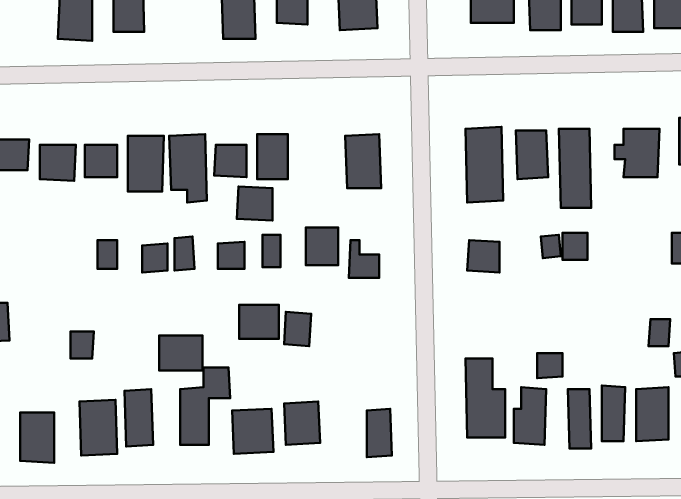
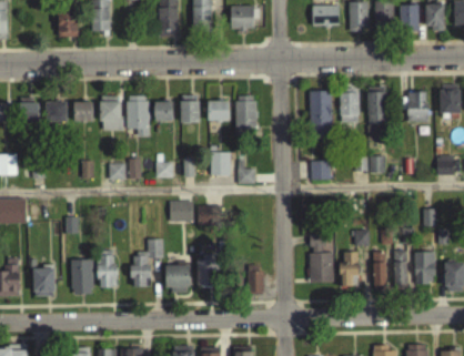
building: [237,187,273,221] -> [208,100,230,121]
building: [159,335,203,370] -> none

